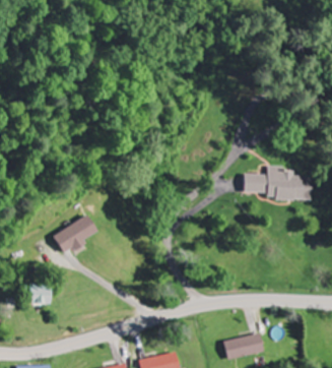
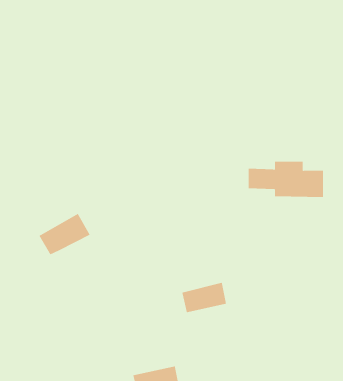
building: [28,286,51,304] -> none
building: [223,332,264,360] -> [182,282,227,313]

